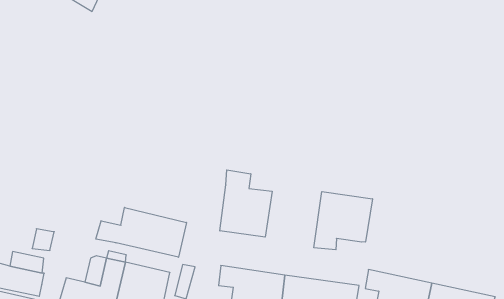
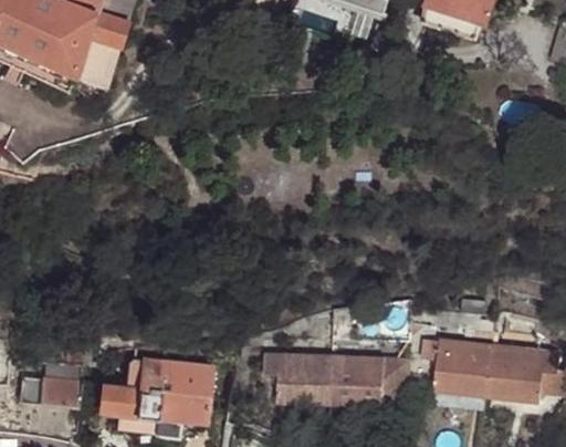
building: [220,170,272,237] -> none
building: [314,192,372,250] -> none
building: [96,207,186,257] -> none

